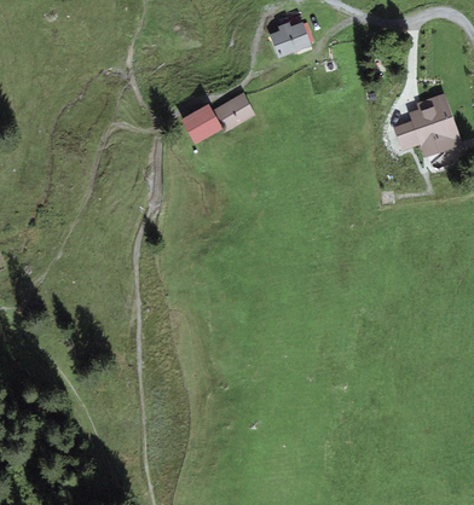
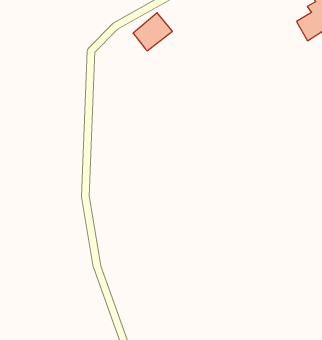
building: [180,103,221,144] -> none

